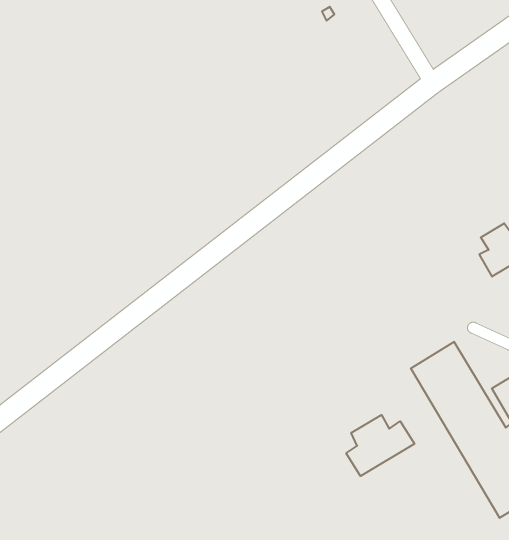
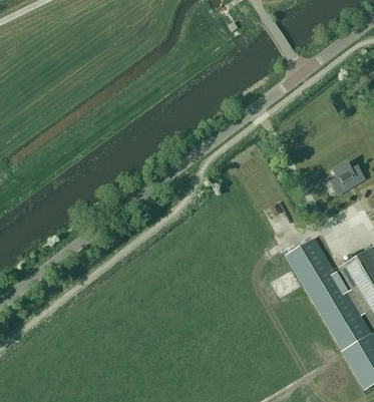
building: [346,415,414,476] -> none

